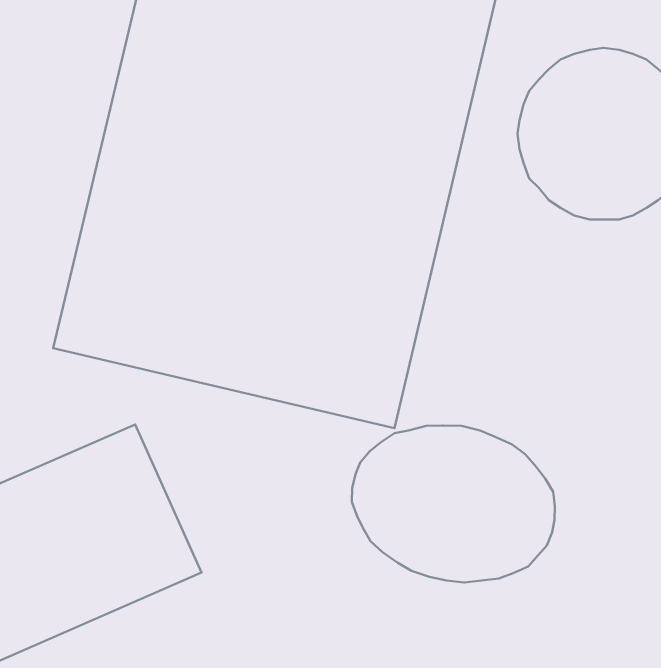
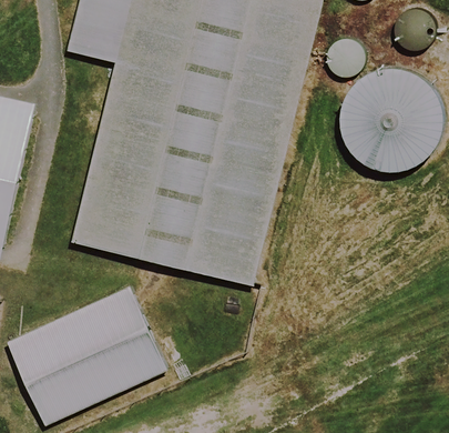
building: [352,425,555,583] -> none

